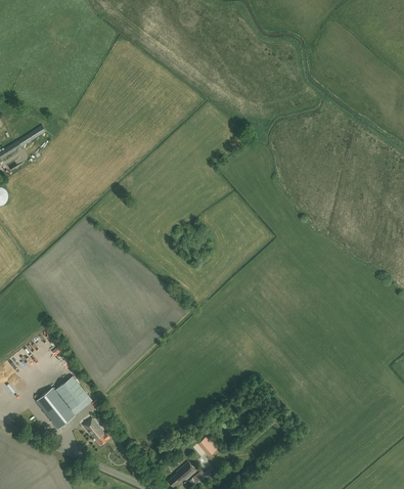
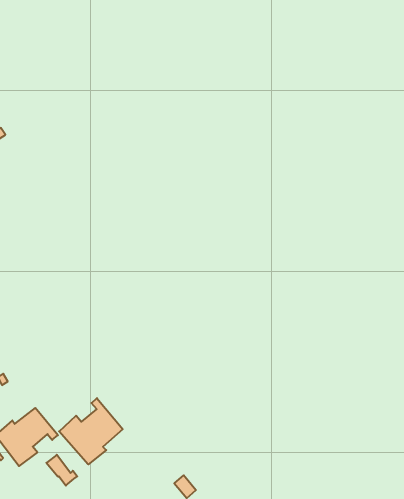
building: none -> [59,398,123,464]

